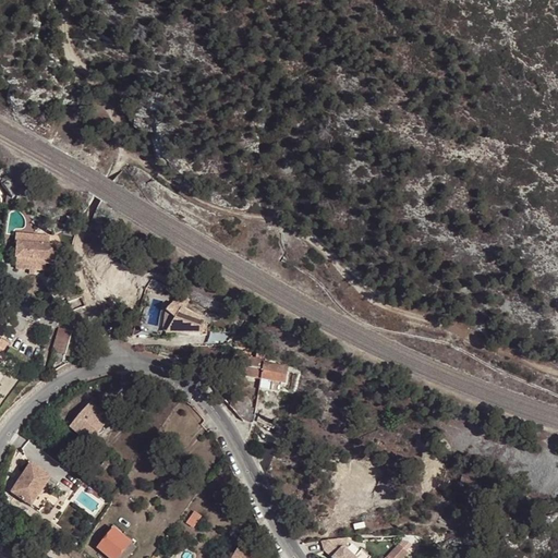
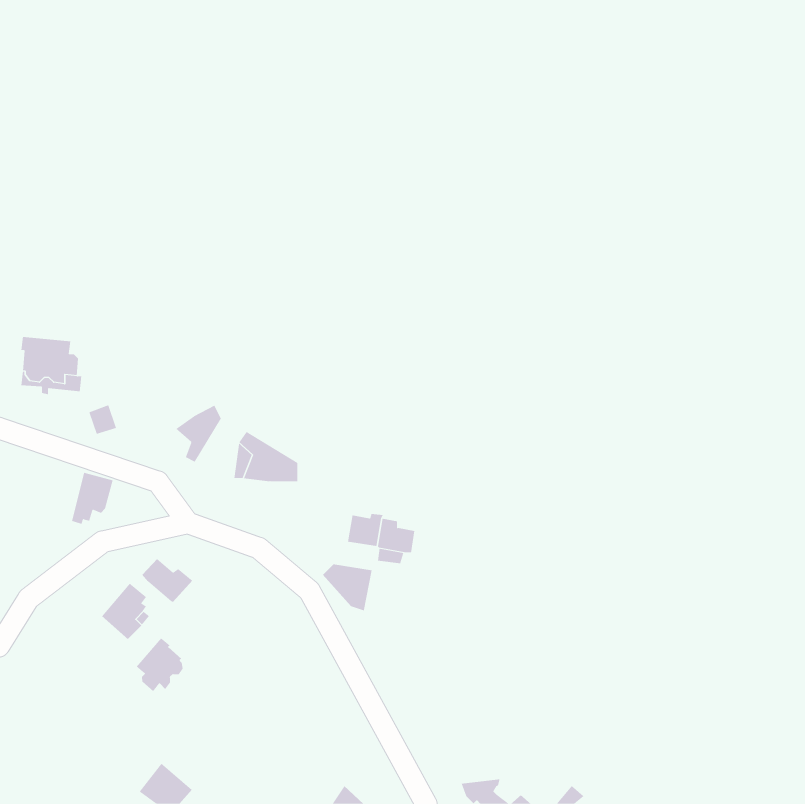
building: none -> [175,405,221,462]
building: none -> [141,558,193,602]
building: none -> [136,637,183,692]
building: [8,463,54,511] -> none

